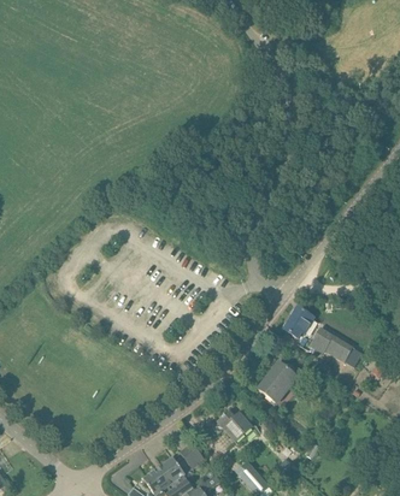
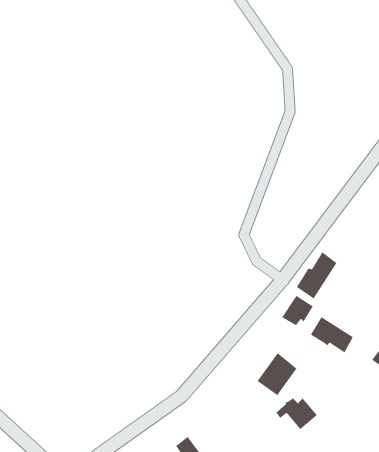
building: none -> [296,251,338,300]
building: [212,412,253,443] -> [275,398,318,430]

